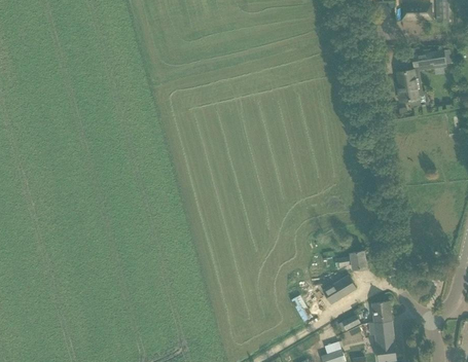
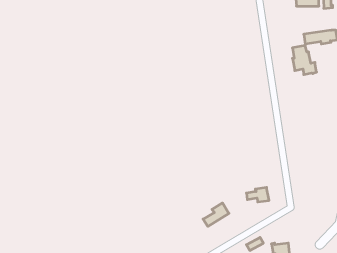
building: [324,277,357,306] -> [203,203,229,226]
building: [371,301,391,325] -> none

